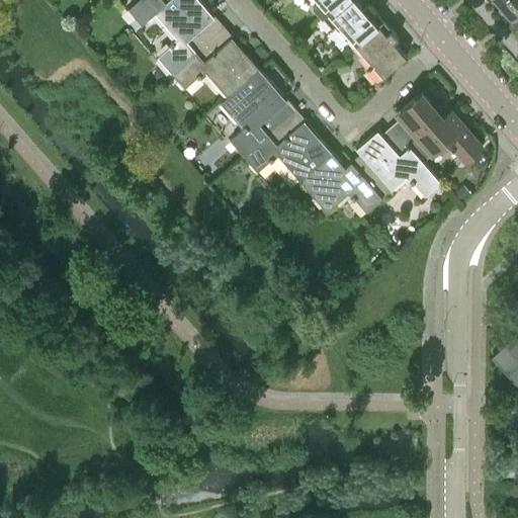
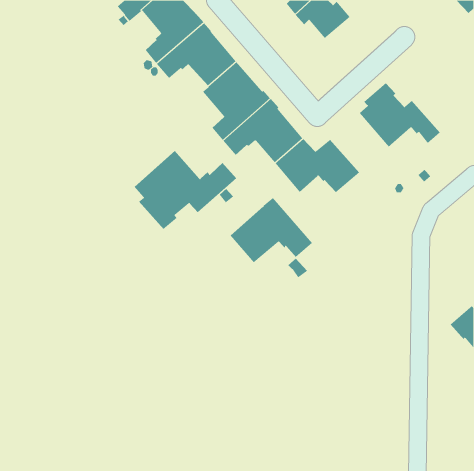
building: [354,21,406,82] -> none
building: [356,126,440,197] -> none
building: none -> [134,150,237,230]
building: none -> [230,197,313,263]

